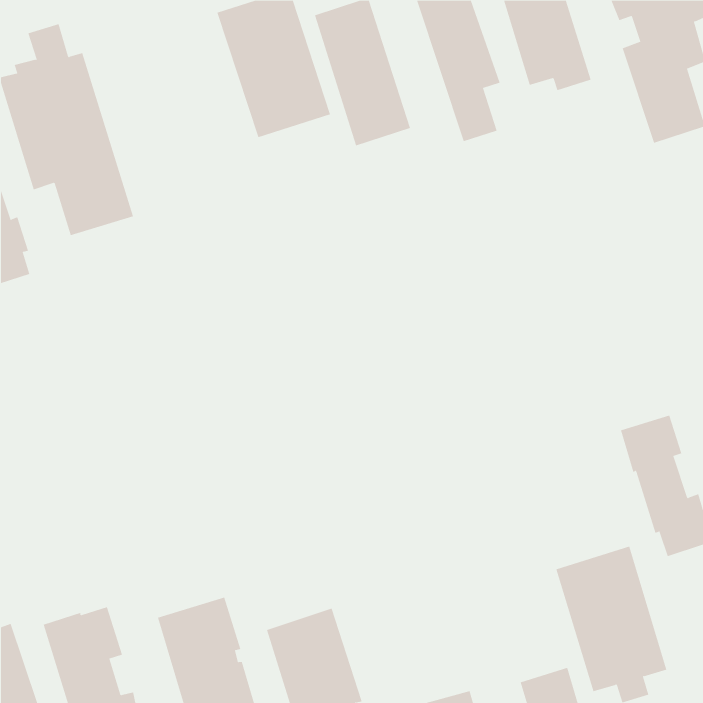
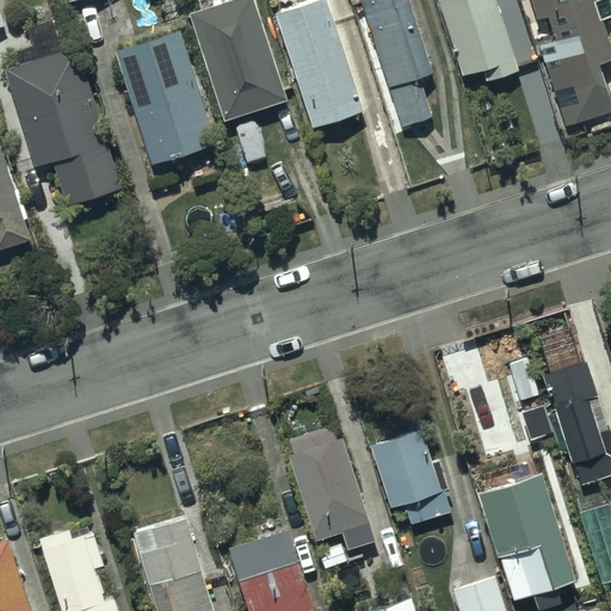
building: none -> [111,29,215,166]
building: none -> [286,425,372,548]
building: none -> [366,430,450,524]

